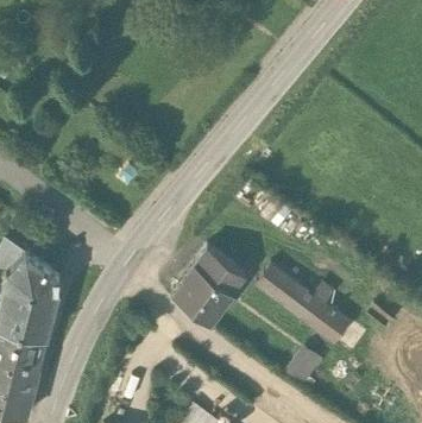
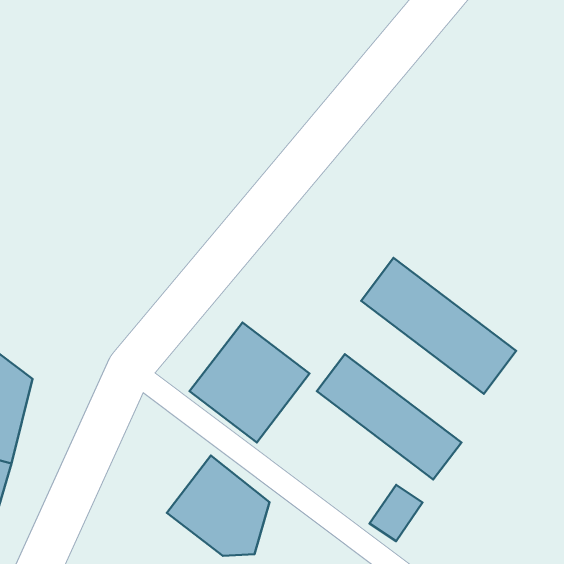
building: none -> [361,258,516,394]
building: none -> [167,455,270,556]

